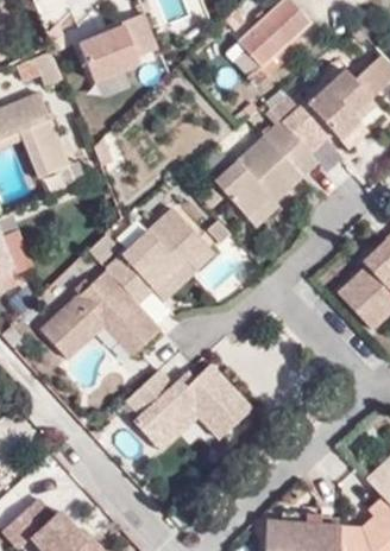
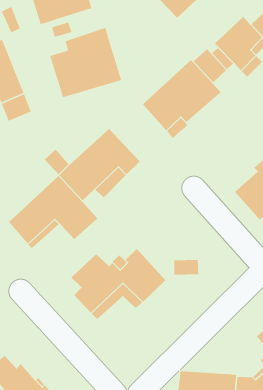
building: none -> [49,27,122,98]

